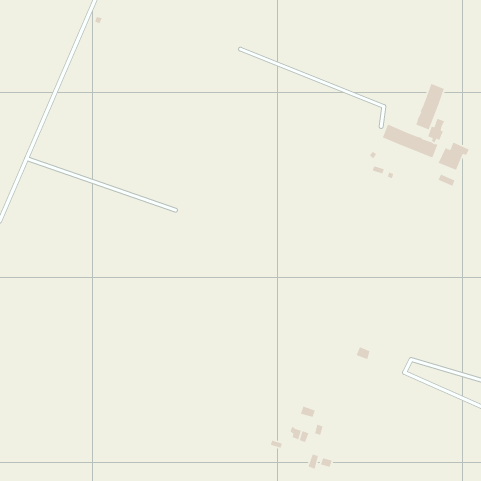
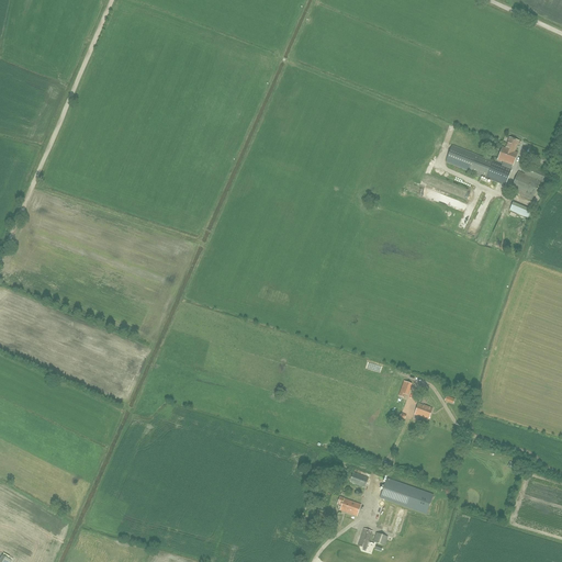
building: [415,83,445,130] -> none
building: none -> [379,477,432,514]

